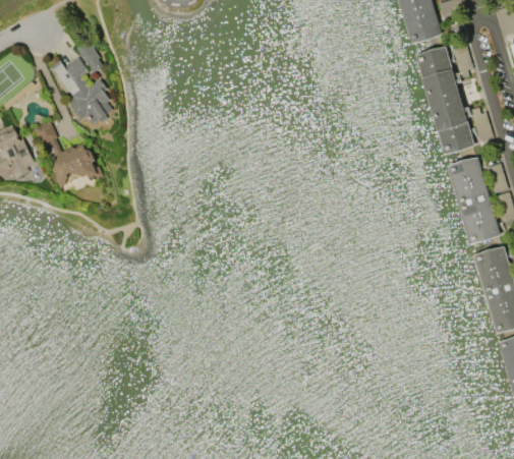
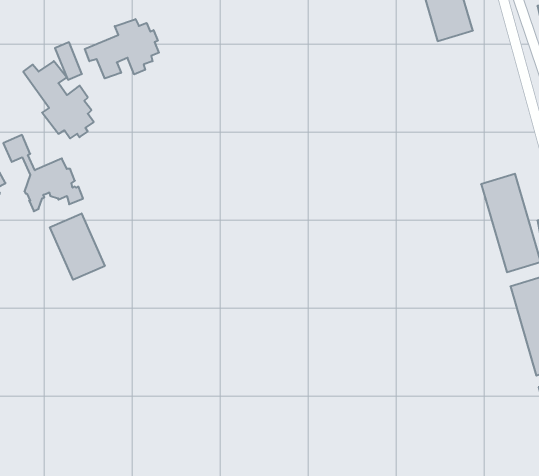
building: none -> [85,19,159,78]
building: [415,46,474,154] -> none
building: none -> [50,213,105,280]

